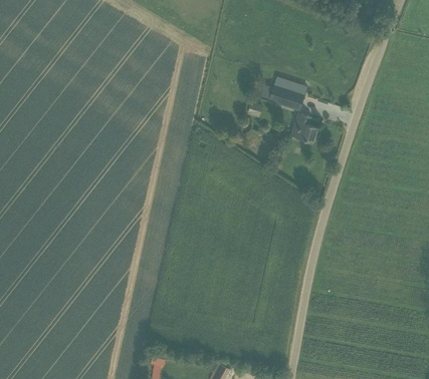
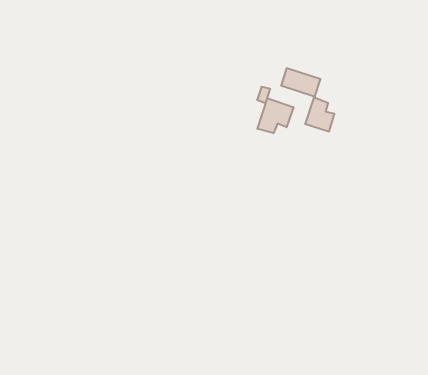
building: none -> [257,98,293,133]

